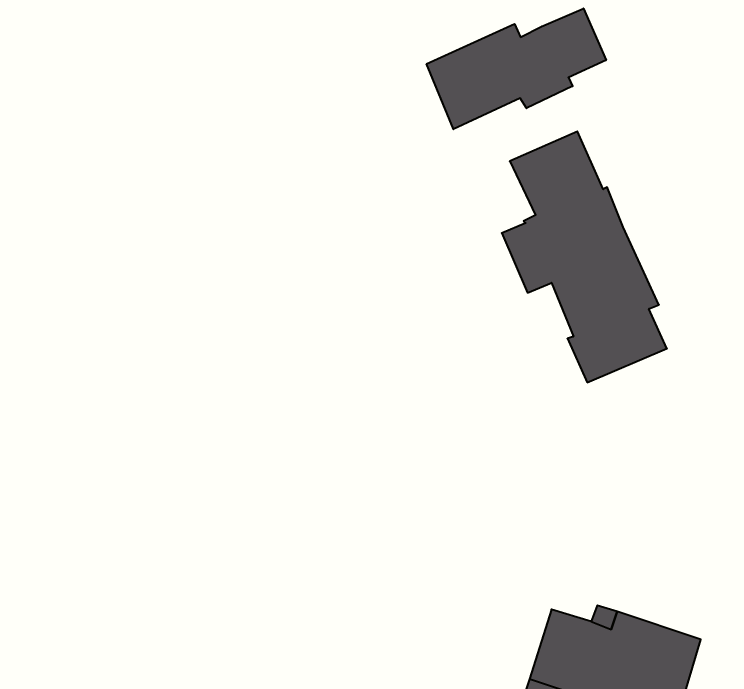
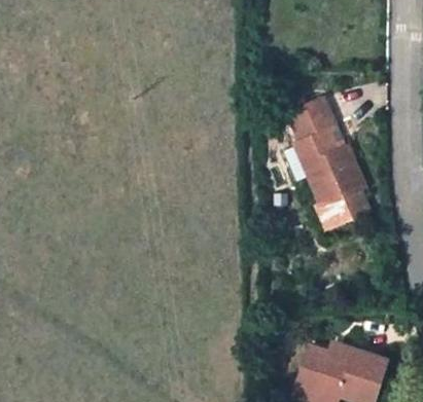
building: [427,8,606,129] -> none

